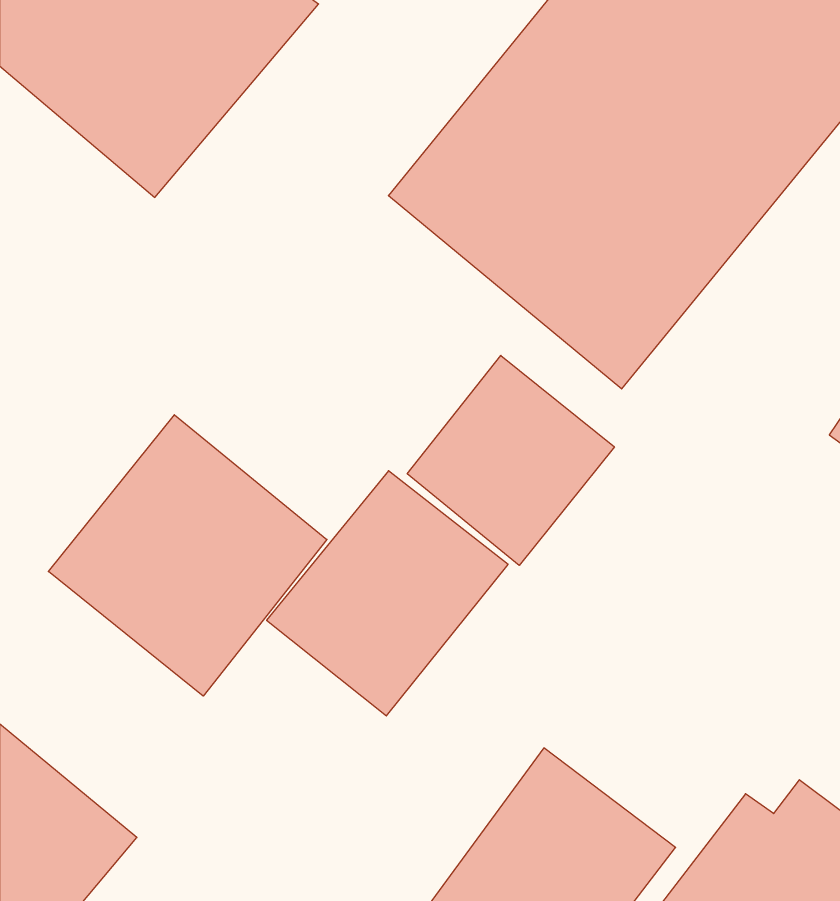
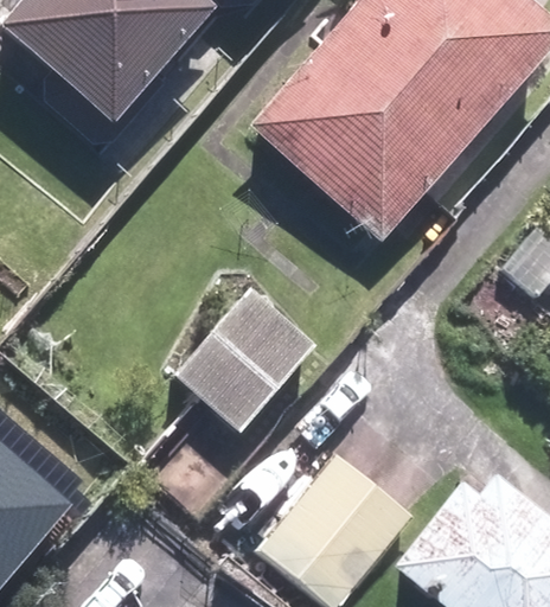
building: [407,355,614,565] -> none
building: [48,415,327,696] -> none

